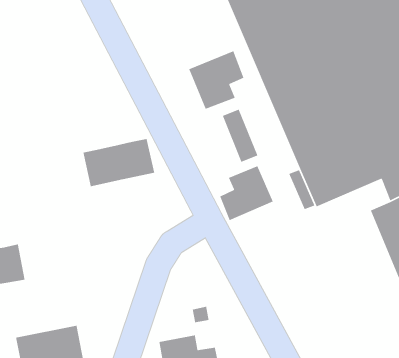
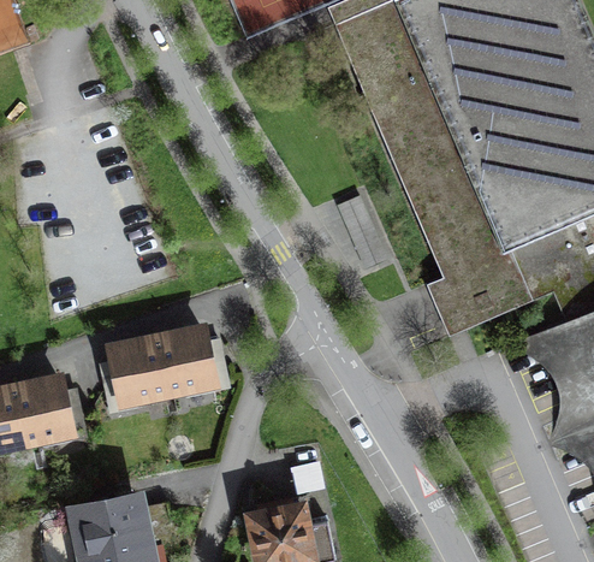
building: [188,50,244,110] -> none
building: [82,138,155,187] -> [115,329,215,396]
building: [219,165,274,221] -> none

